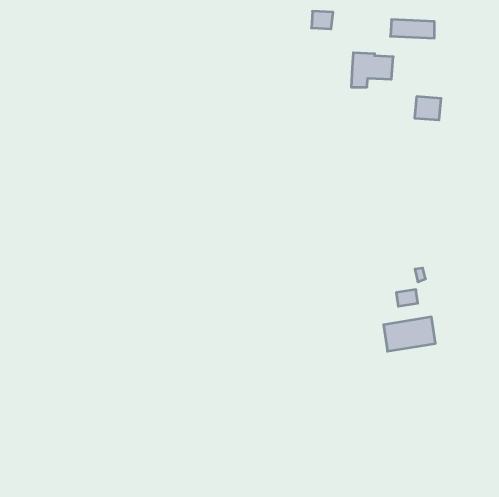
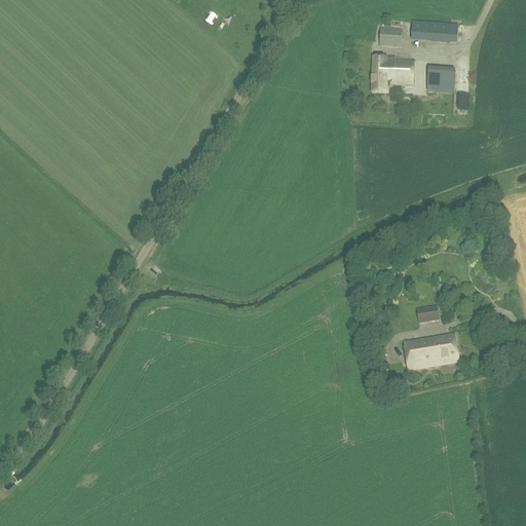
building: [311,11,333,29] -> [378,28,401,46]
building: [415,97,441,120] -> [426,66,454,90]

